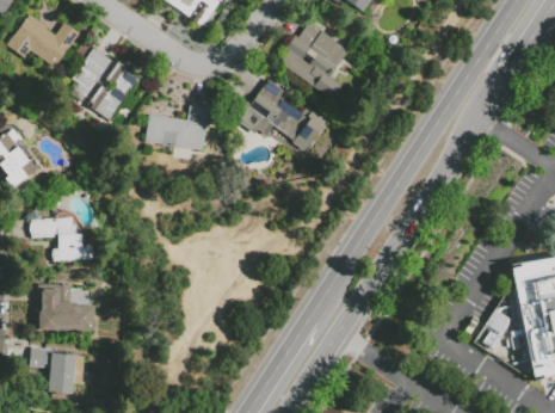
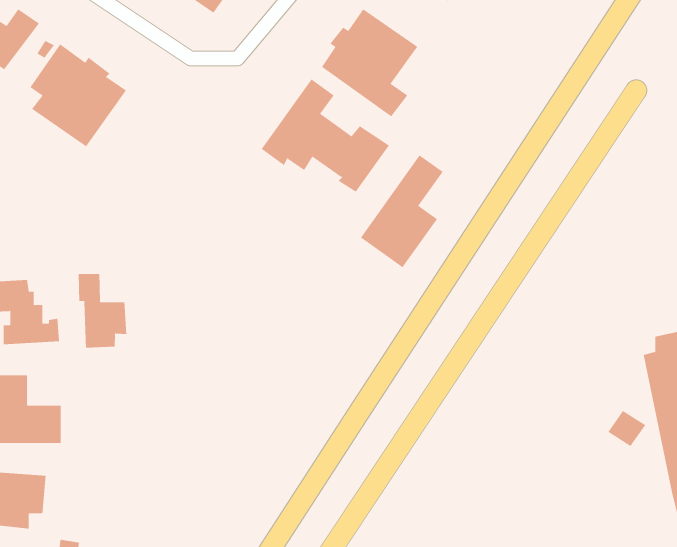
building: [147,104,210,152] -> none
building: none -> [360,155,443,268]
building: none -> [78,273,127,348]

